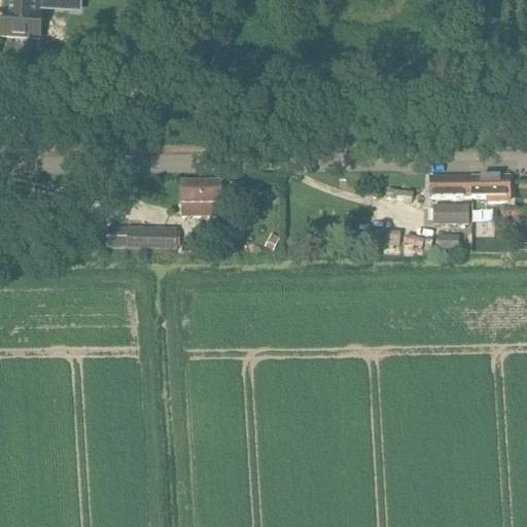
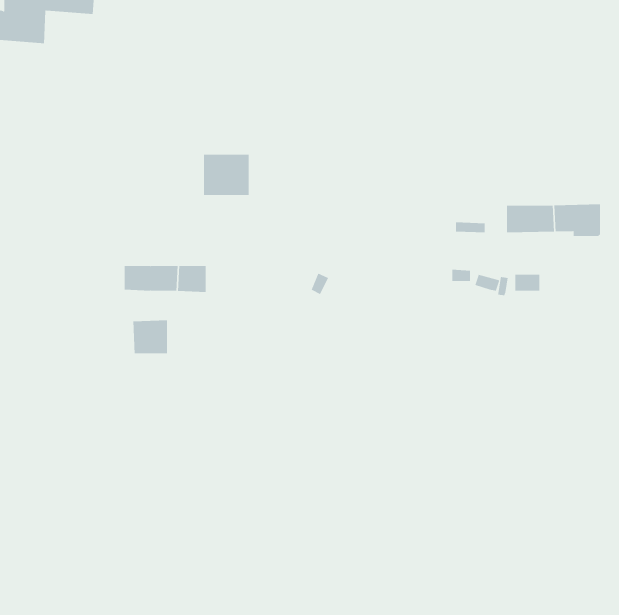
building: [181,179,220,214] -> [203,154,249,195]
building: [432,203,468,223] -> none
building: none -> [133,319,167,354]

